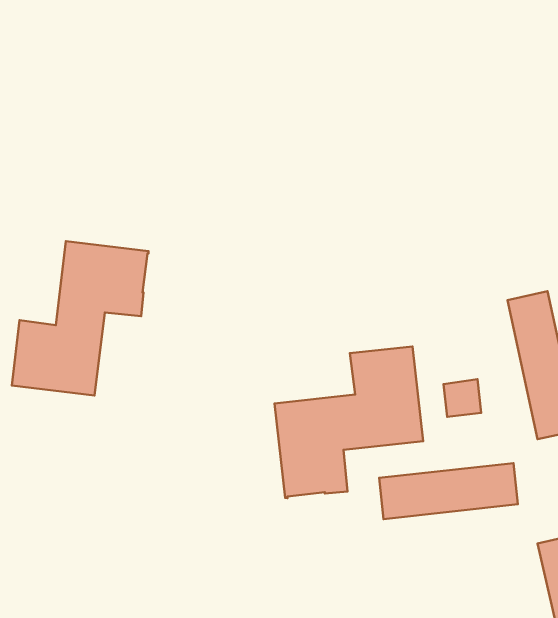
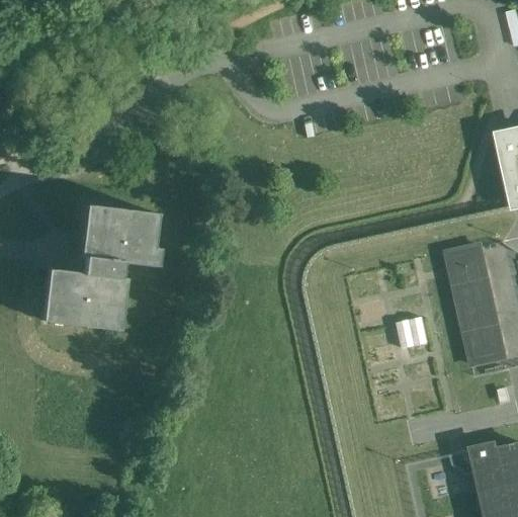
building: [275,347,423,498] -> none
building: [379,463,518,519] -> none

